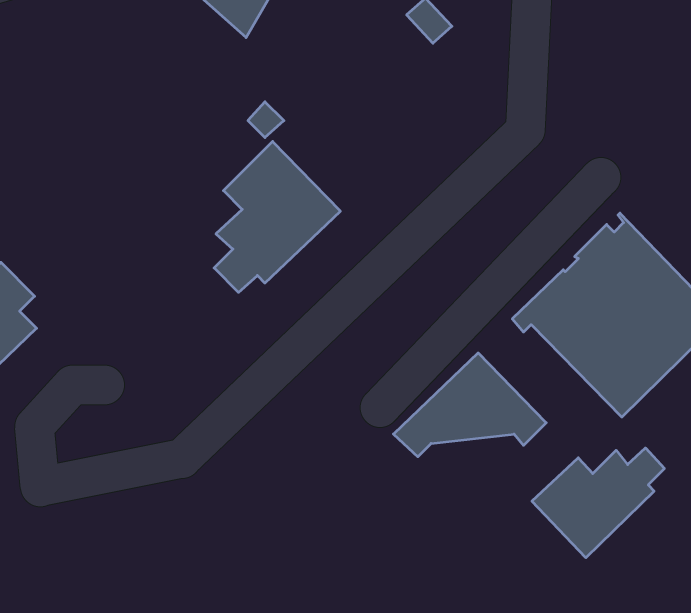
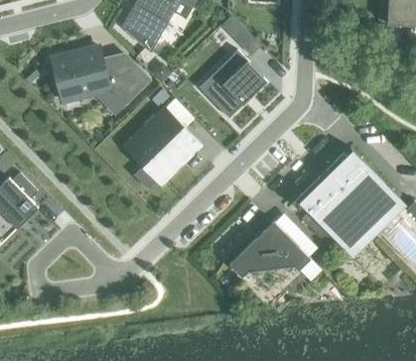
building: none -> [52,45,145,103]
building: none -> [209,50,267,118]
building: [532,448,664,558] -> none

